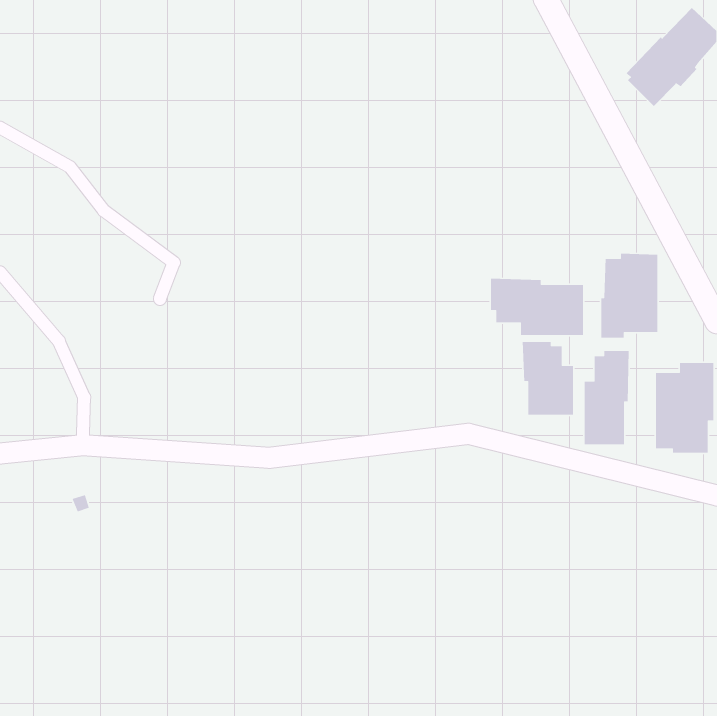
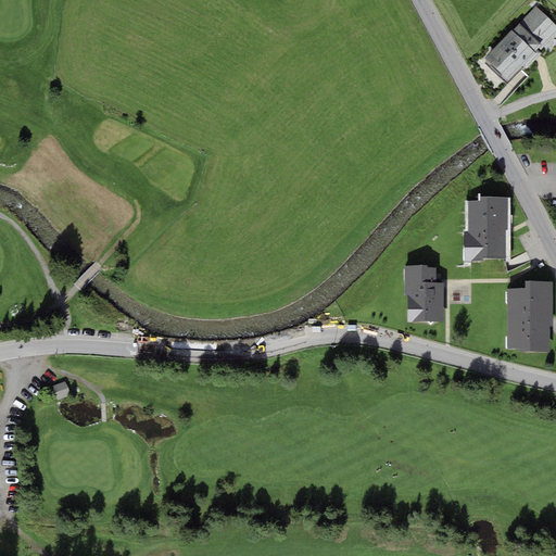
building: [490,278,584,336] -> none
building: [584,350,630,445] -> none

